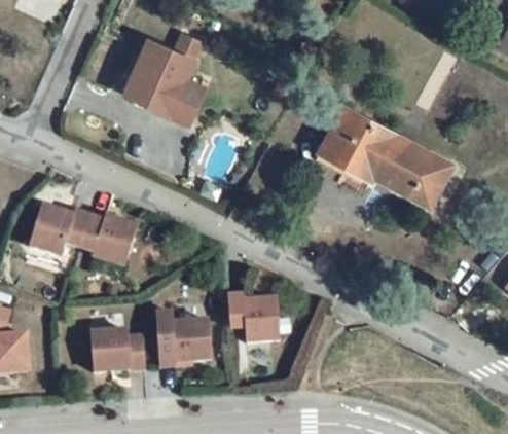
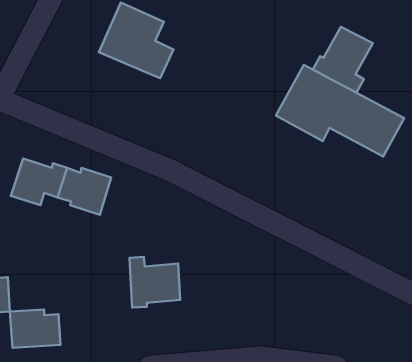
building: none -> [313,27,373,92]
building: [227,294,280,341] -> none
building: [90,330,145,371] -> [10,310,60,348]

